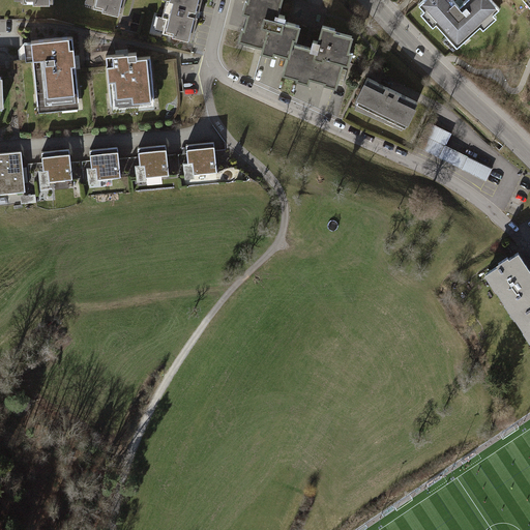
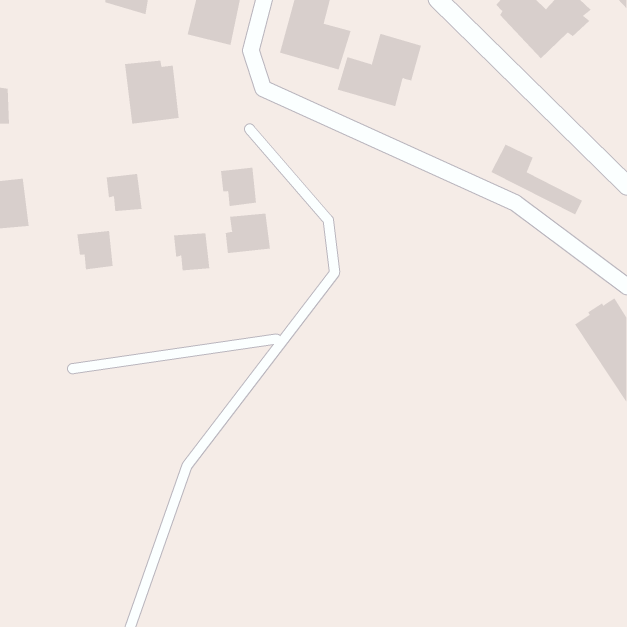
building: [26,32,82,110] -> none
building: [351,81,413,128] -> none
building: [137,144,168,176] -> [173,233,210,271]
building: [40,148,71,181] -> [77,230,113,270]
building: none -> [225,213,270,254]

